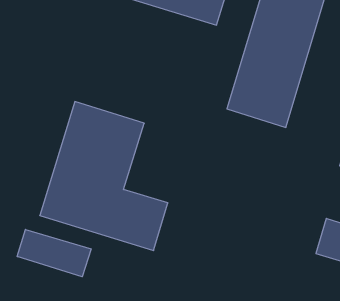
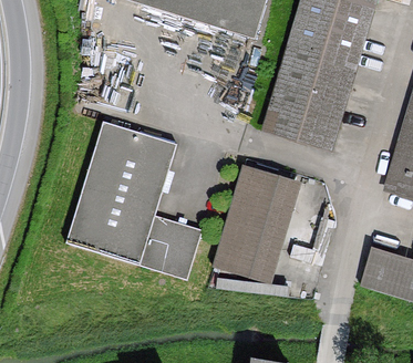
building: none -> [214,167,300,283]
building: [17,229,91,277] -> none

